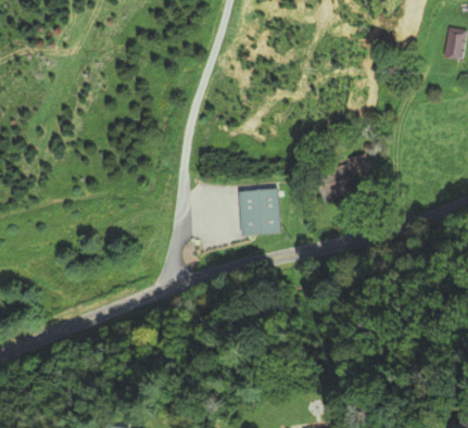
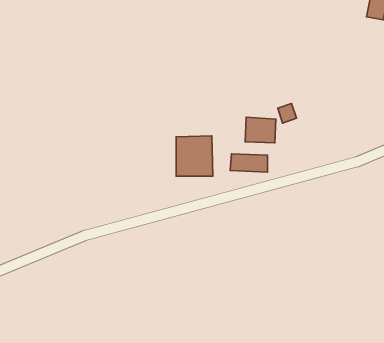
building: none -> [230,154,268,172]

